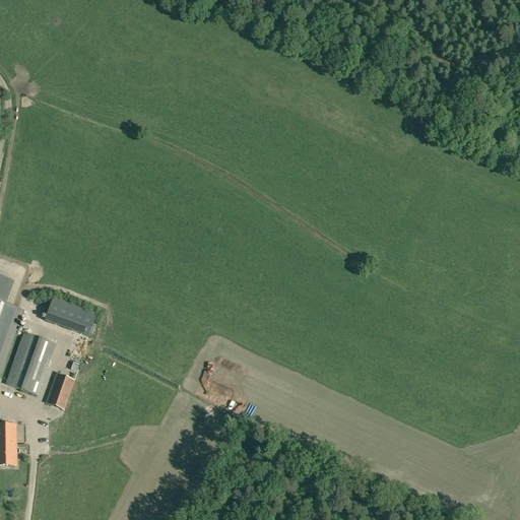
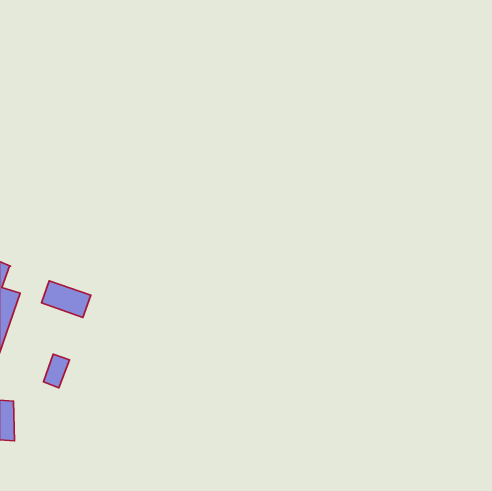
building: [5,332,54,394] -> none

